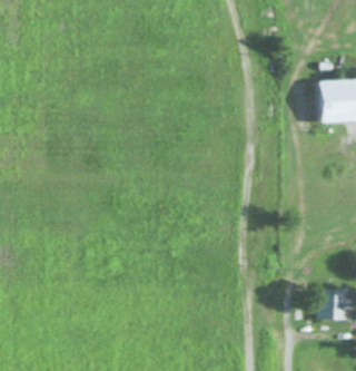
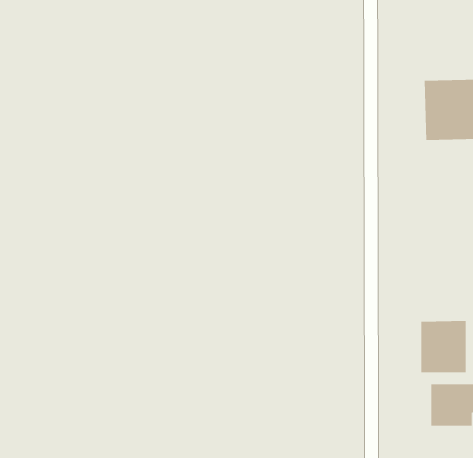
building: none -> [421,320,466,373]

